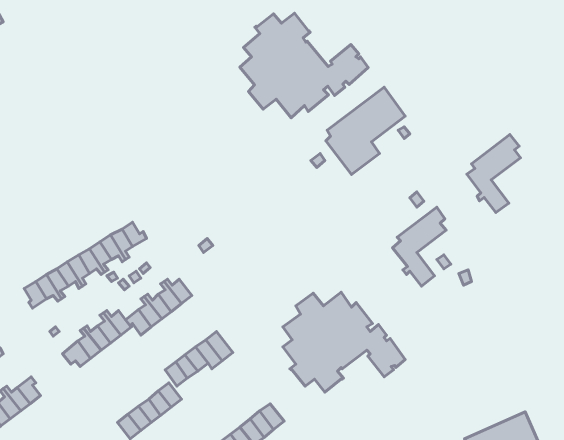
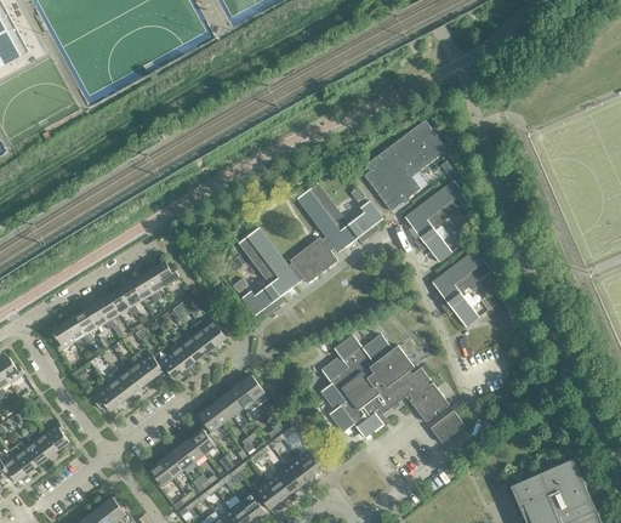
building: [240,13,368,118] -> none
building: [467,135,520,213] -> [408,181,463,262]
building: none -> [238,183,382,315]
building: none -> [429,410,465,443]

